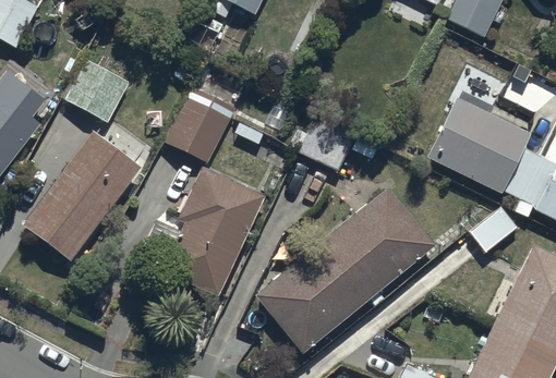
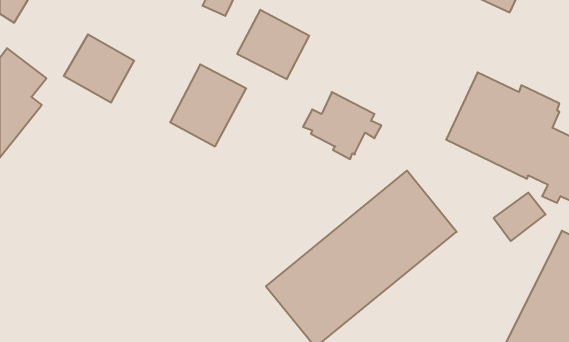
building: none -> [237,10,309,79]
building: [24,130,143,260] -> none
building: [164,167,264,295] -> none

